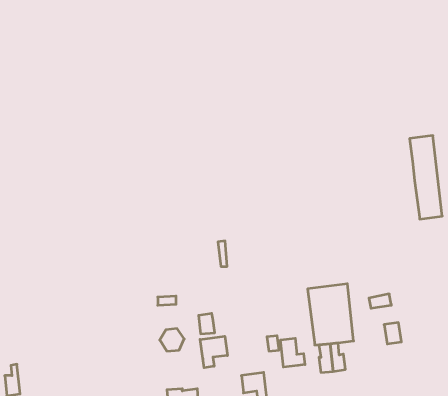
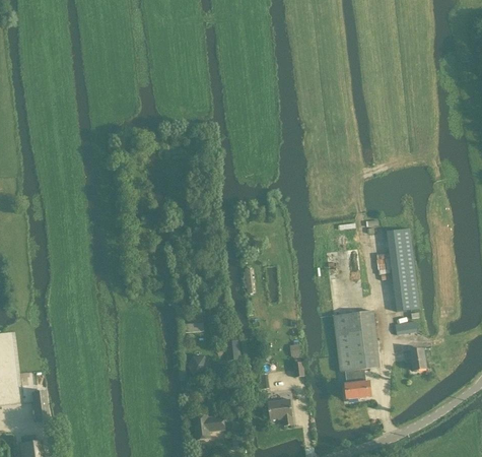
building: [410,136,442,219] -> [387,227,419,311]
building: [200,336,227,368] -> none
building: [281,338,305,367] -> none

